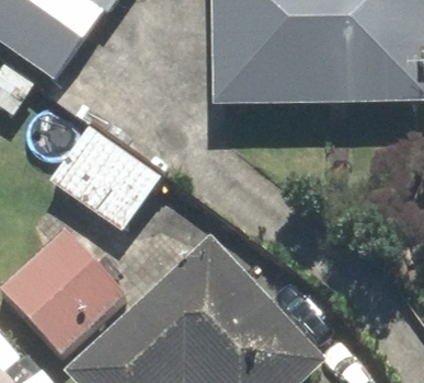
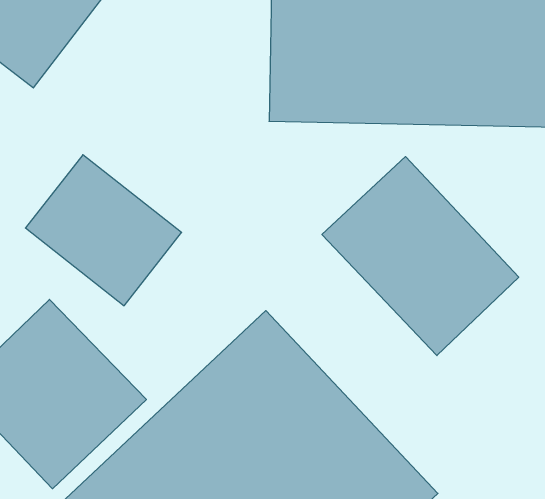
building: none -> [322,157,519,356]

